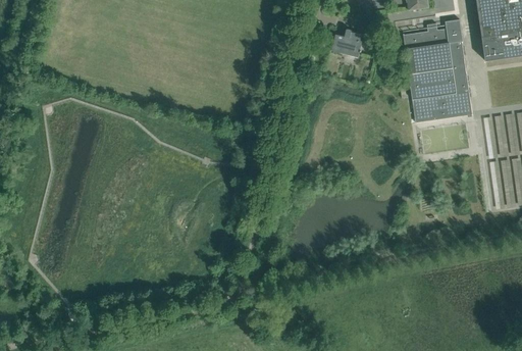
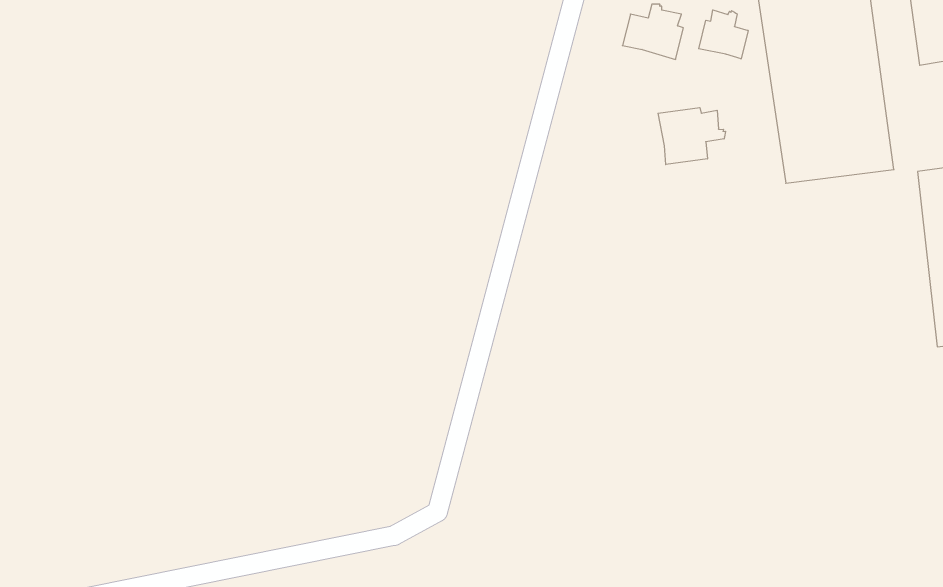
building: none -> [699,10,748,59]
building: none -> [658,108,726,165]

